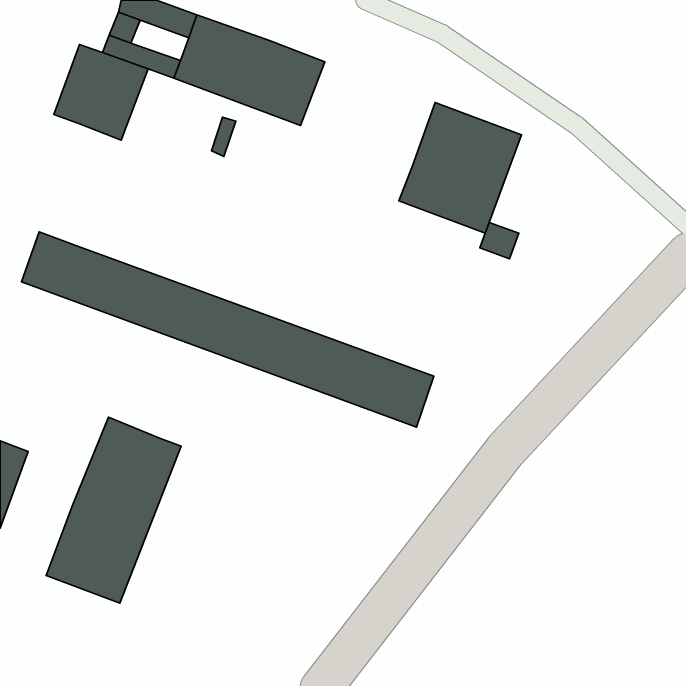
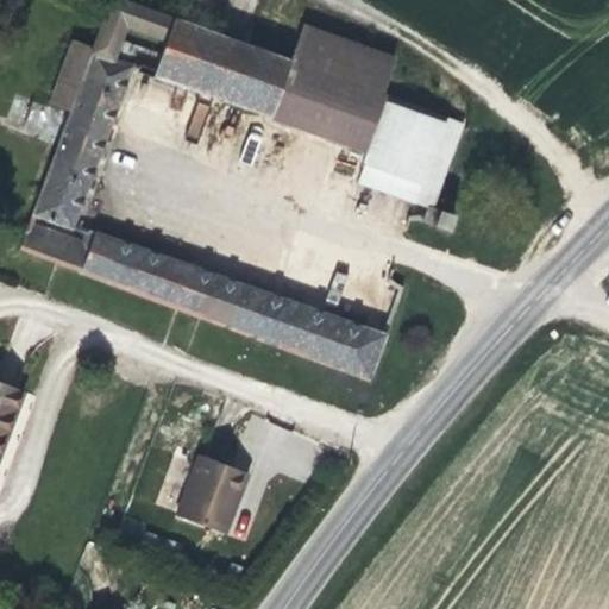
building: none -> [268,21,400,149]
building: none -> [37,112,109,221]
building: [46,417,181,603] -> none
building: none -> [180,466,243,535]

